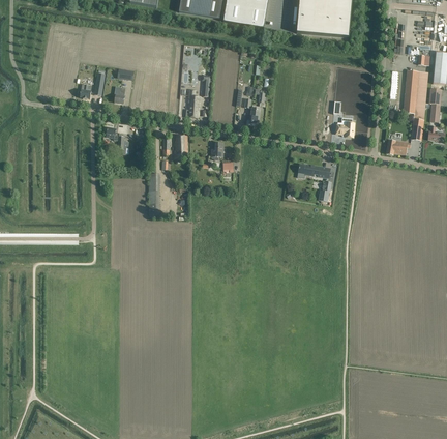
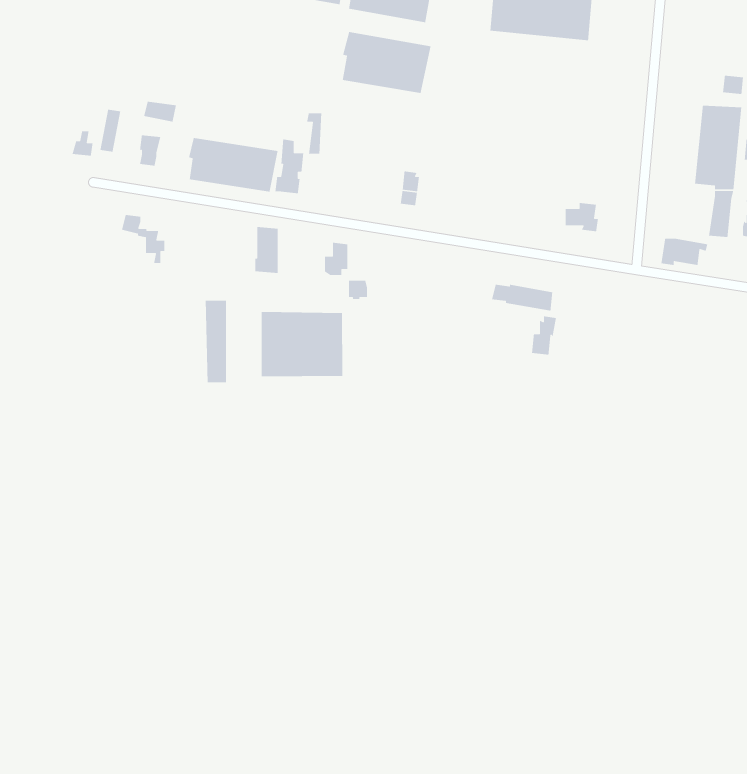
building: none -> [342,31,432,94]
building: none -> [188,137,278,192]
building: none -> [261,311,343,377]

